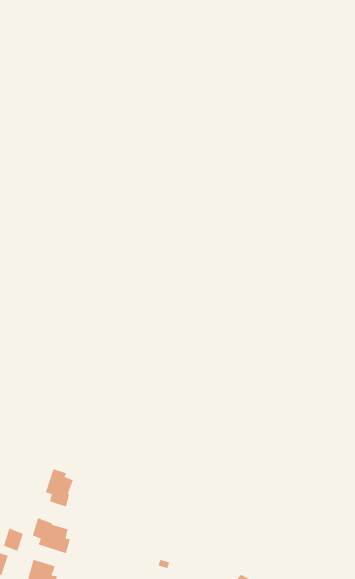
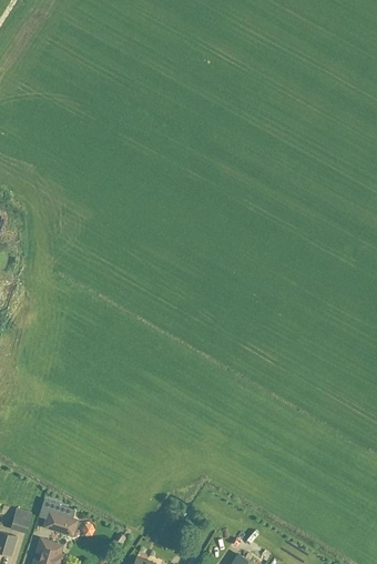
building: [45,468,74,508] -> none

